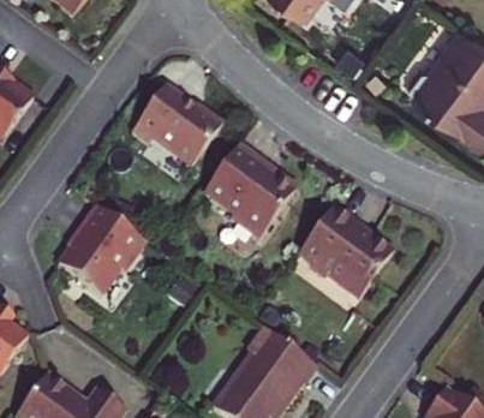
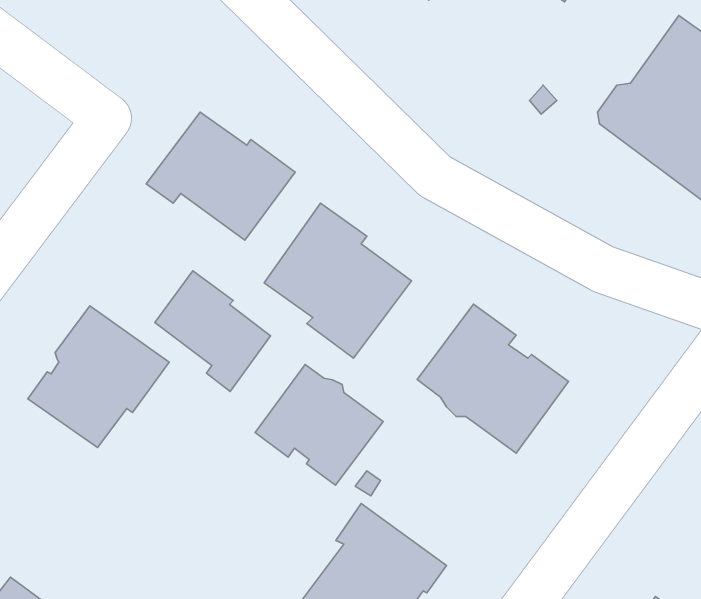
building: none -> [155,271,270,391]
building: none -> [255,365,383,485]

